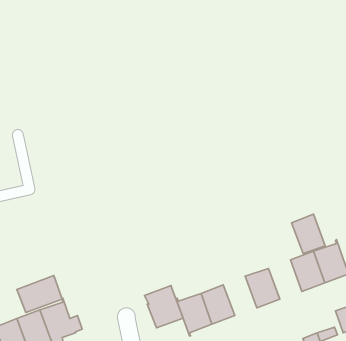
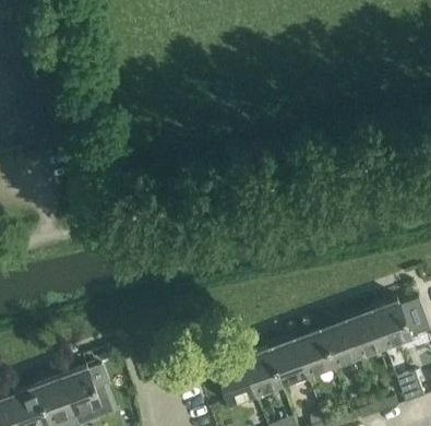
building: [291,214,325,254] -> [320,321,358,366]
building: [17,276,62,312] -> none
building: none -> [268,340,307,384]
building: [145,285,183,328] -> none

